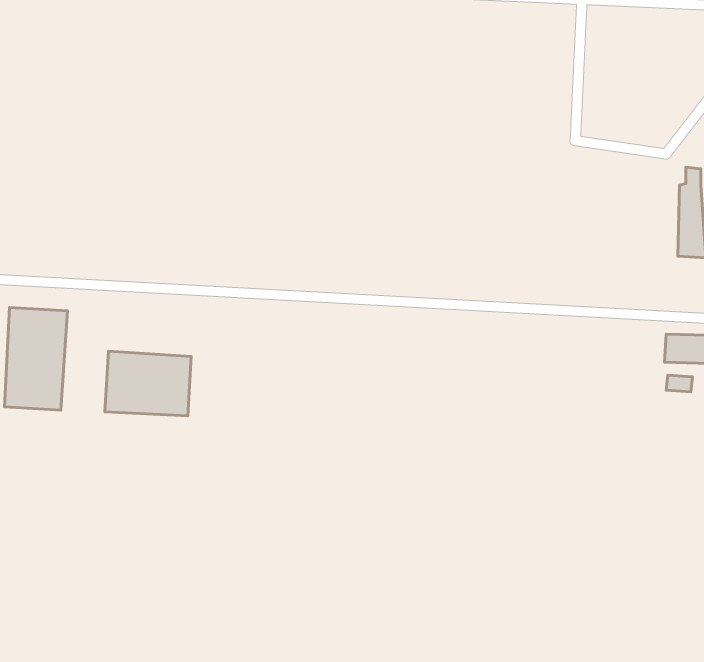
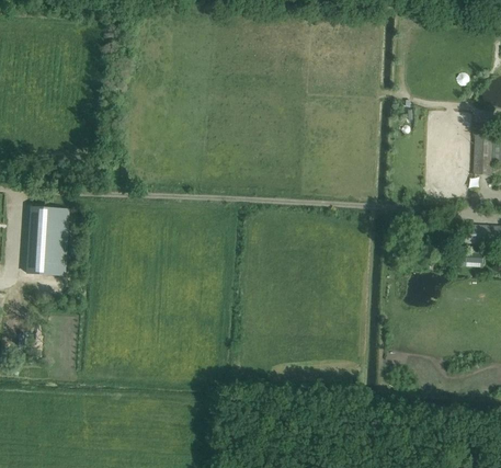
building: [105,351,191,416] -> none

